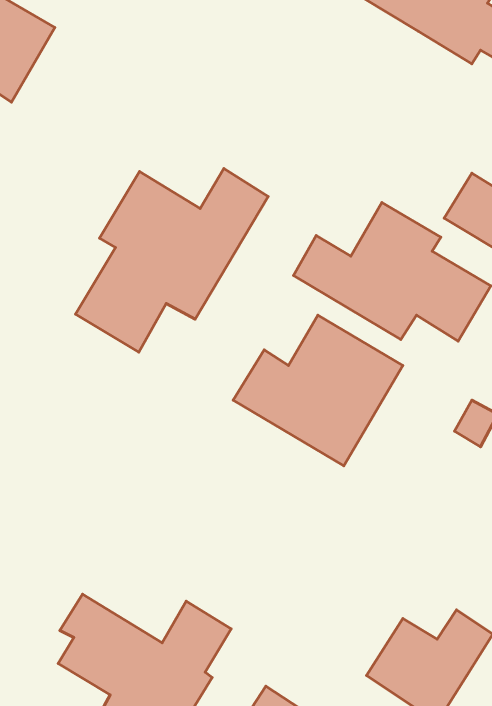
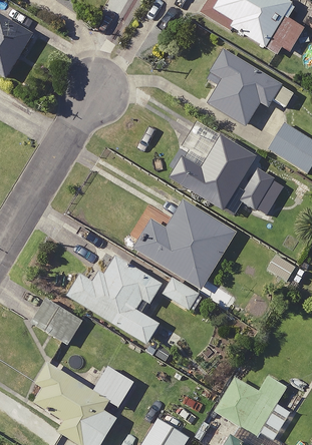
building: none -> [212,52,284,126]
building: [75,169,268,352] -> none
building: none -> [70,256,202,346]
building: none -> [35,301,84,345]

